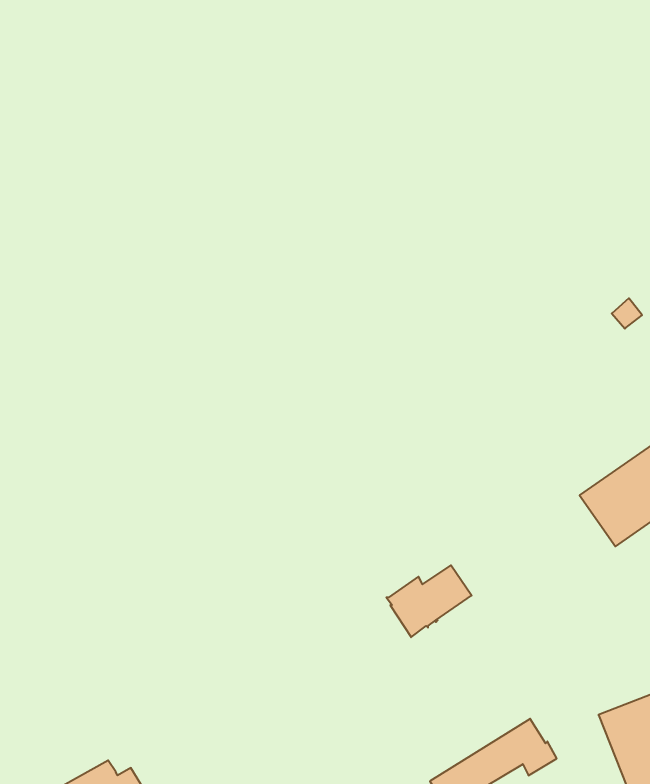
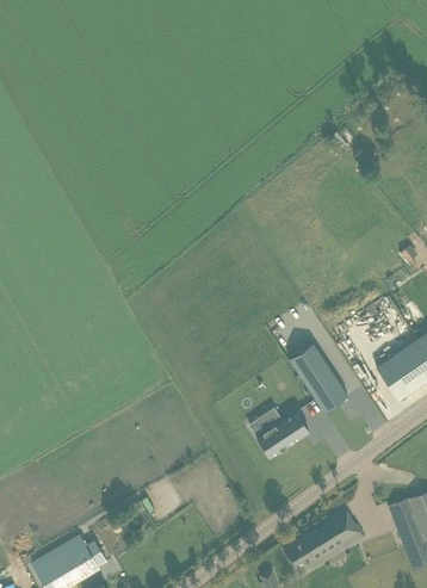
building: none -> [289,343,347,413]

